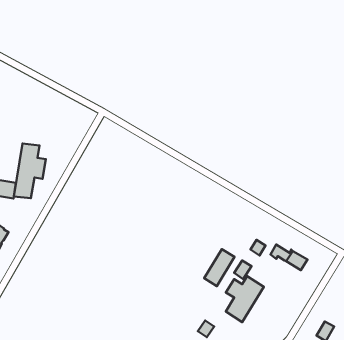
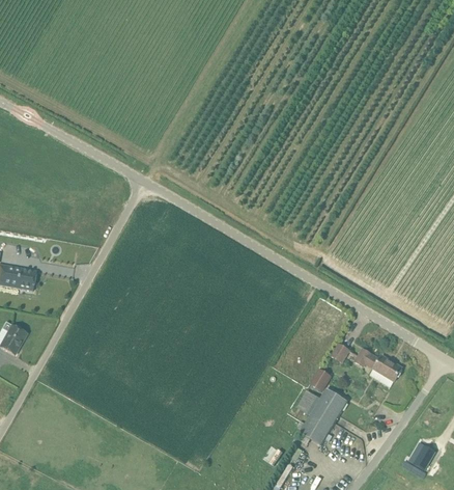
building: [14,143,46,198] -> none
building: [204,249,234,286] -> none

